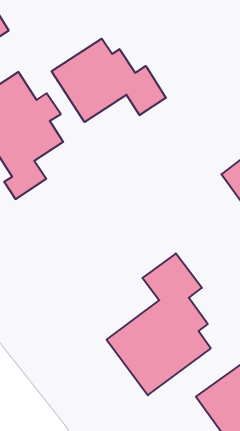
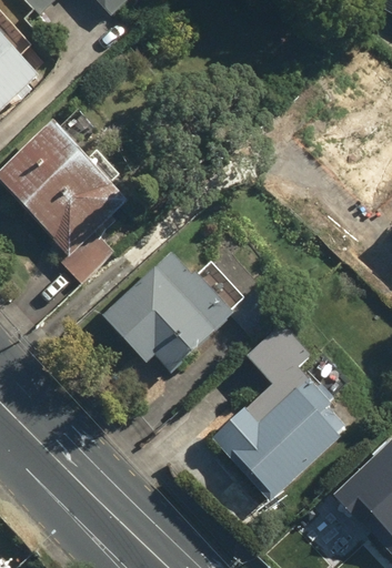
building: [52,39,166,122] -> none
building: none -> [103,248,285,376]

